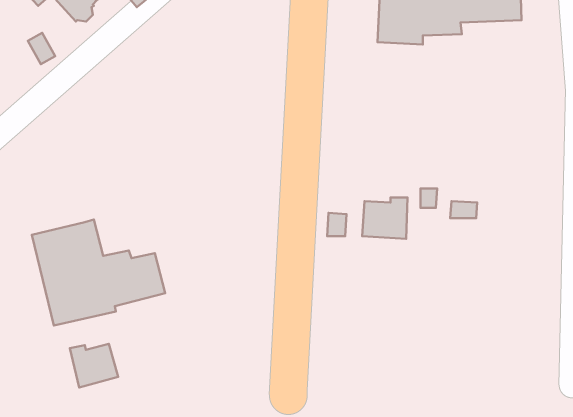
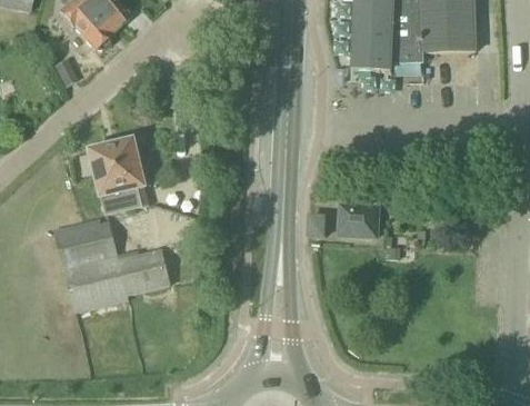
building: none -> [90,138,149,215]
building: [70,344,118,387] -> none

